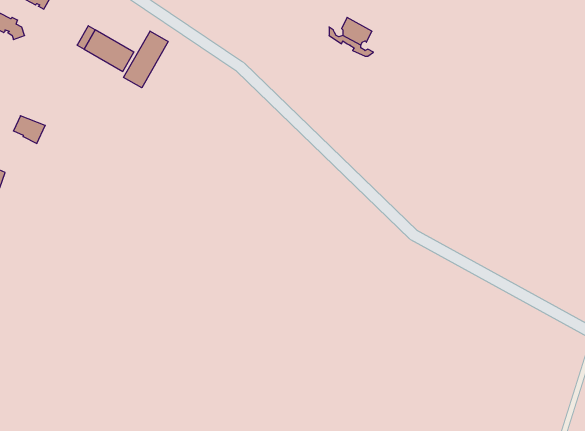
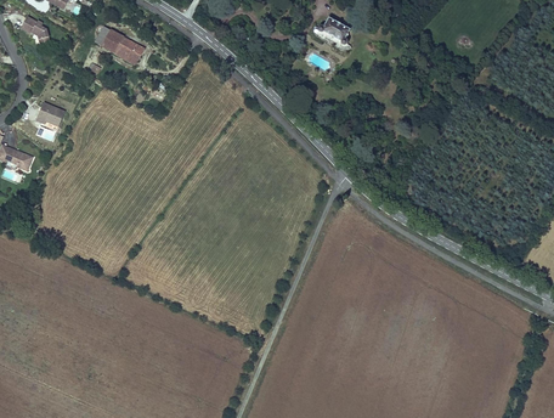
building: [124,31,168,88] -> none

